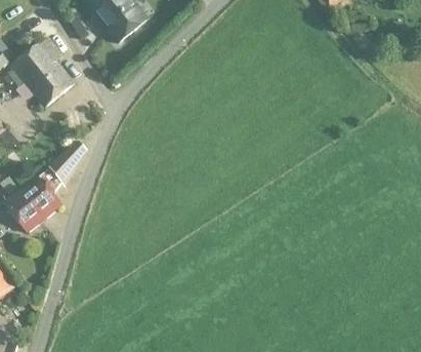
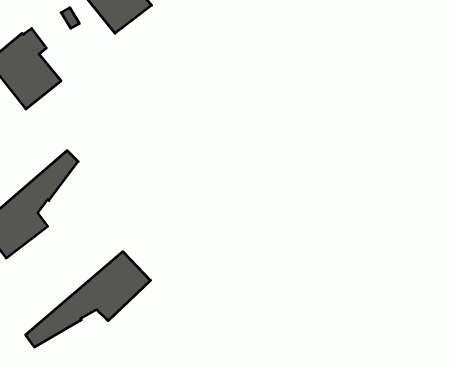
building: none -> [26,252,151,347]

